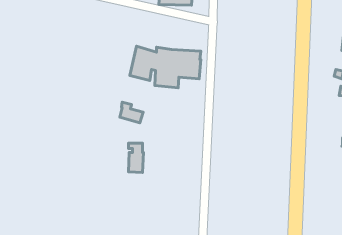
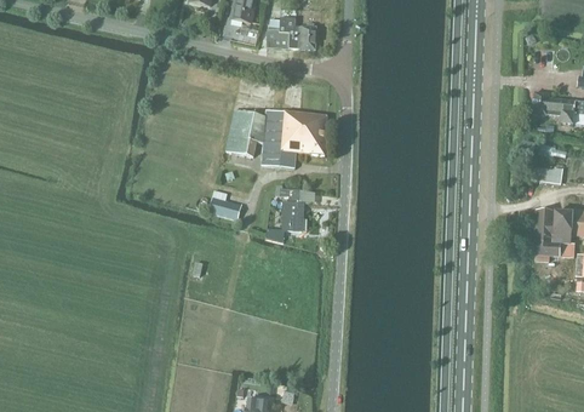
building: [128,143,143,173] -> [282,189,304,231]

